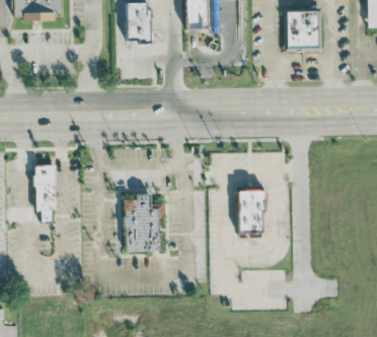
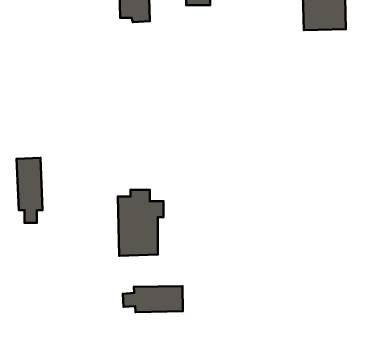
building: [235,189,265,232] -> none
building: none -> [123,286,183,312]

